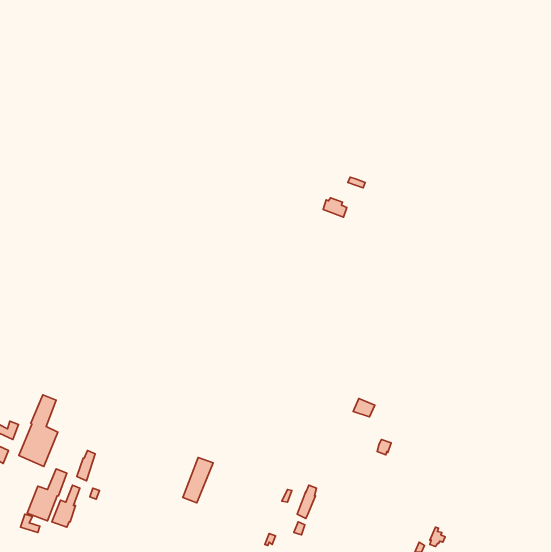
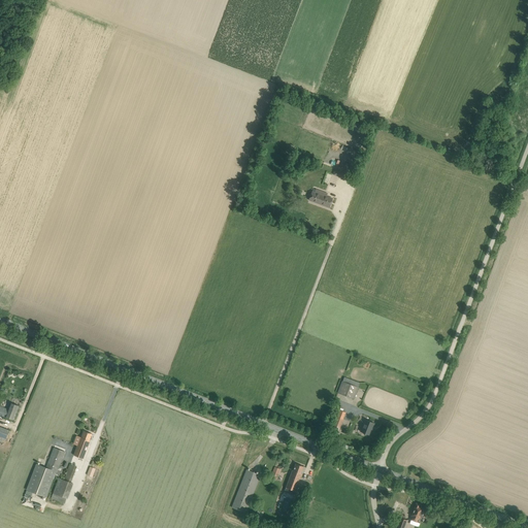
building: [19,395,58,466] -> none
building: [183,458,213,503] -> [231,469,260,513]

